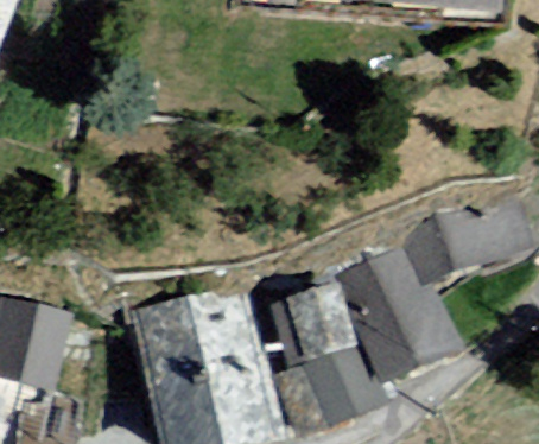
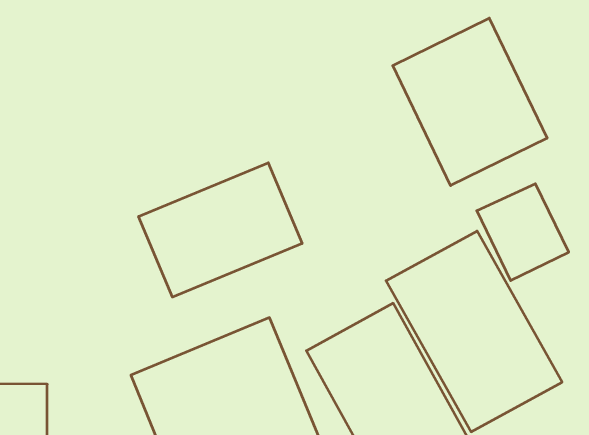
building: none -> [393,18,547,186]
building: none -> [139,163,302,297]

